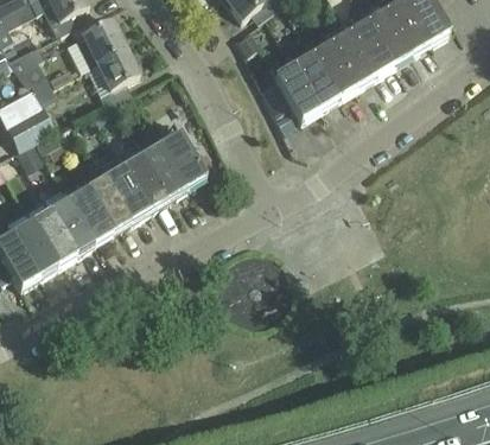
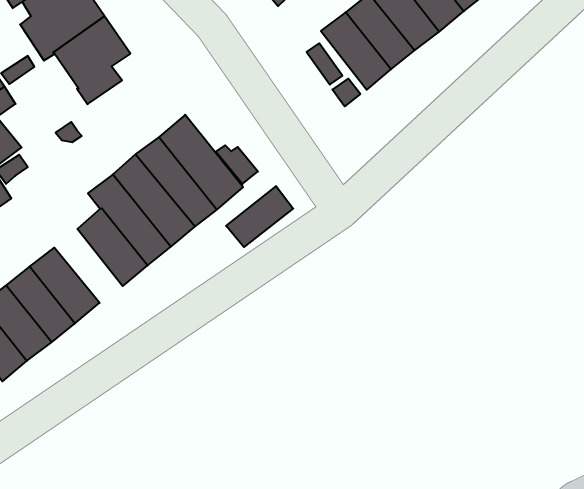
building: none -> [226,186,293,247]
building: [66,189,110,242] -> none

